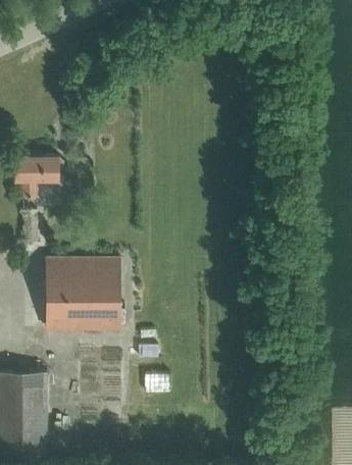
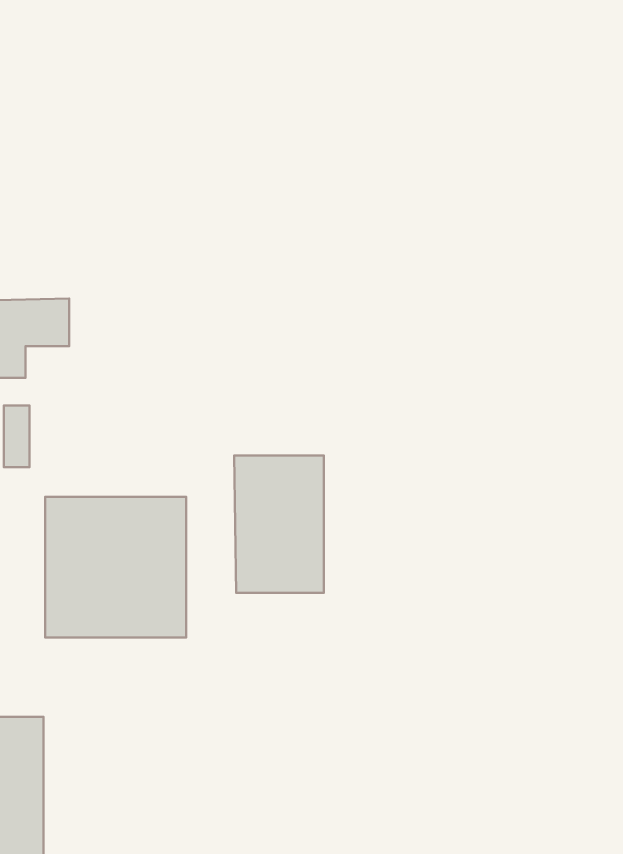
building: none -> [234,455,324,593]

